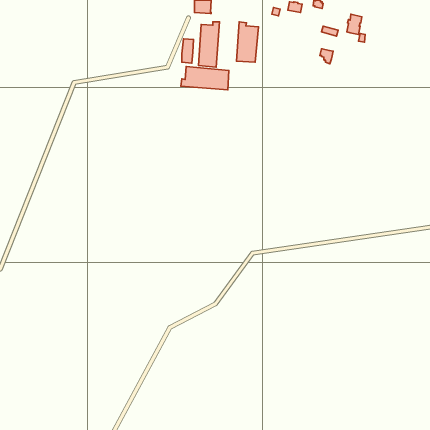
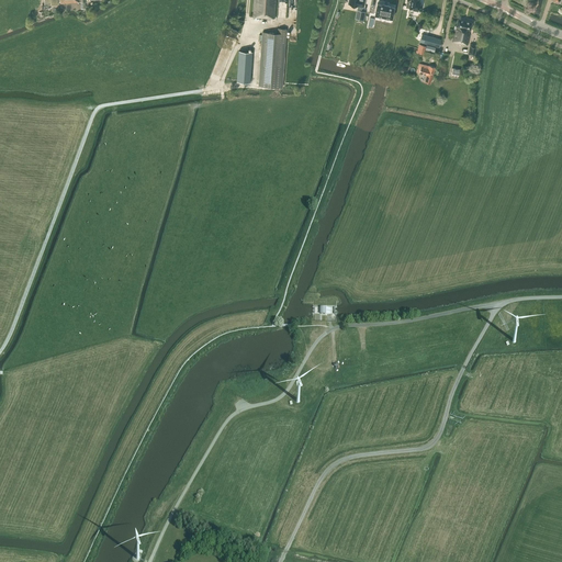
building: [236,22,258,62] -> none
building: [181,67,229,90] -> none

